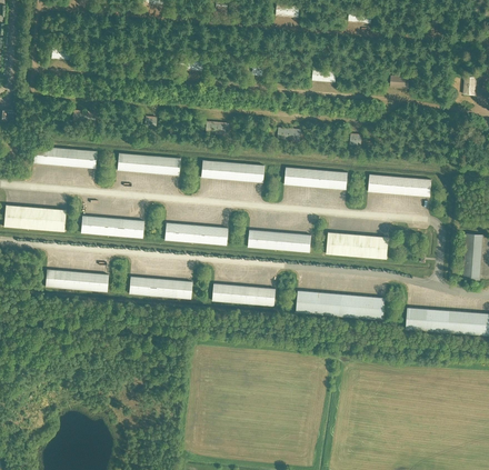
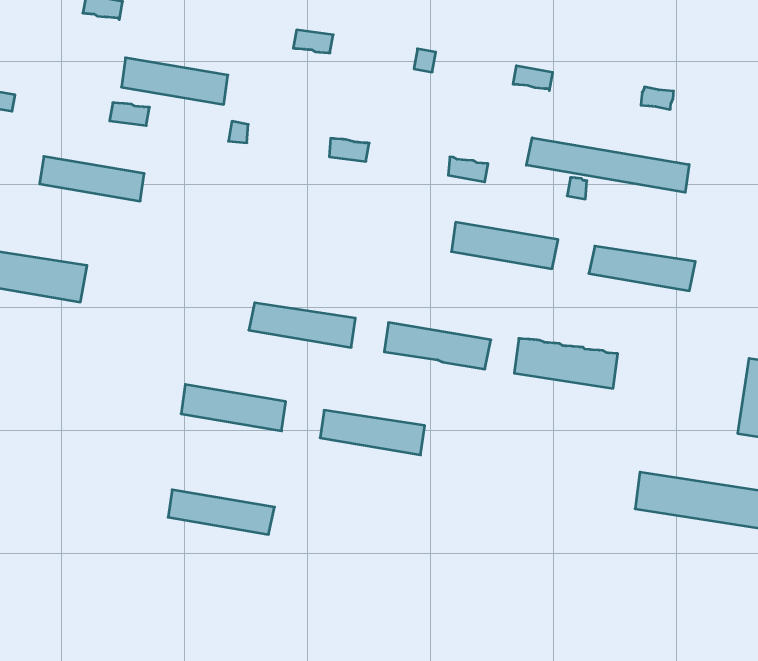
building: none -> [526,138,689,192]
building: [117,152,180,176] -> [121,58,228,104]
building: [200,160,263,182] -> none
building: [82,216,146,238] -> none
building: [47,270,110,292] -> [168,490,275,534]
building: [296,290,385,319] -> none

